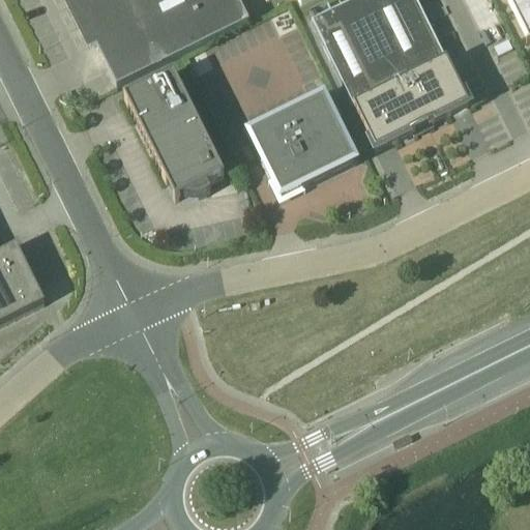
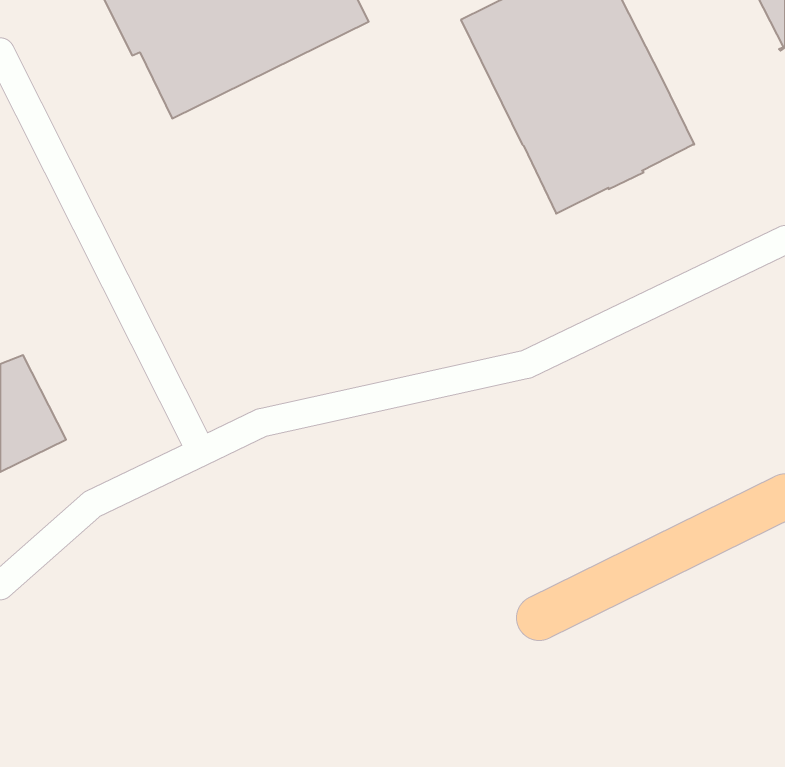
building: [123,65,224,189] -> none
building: [251,92,353,190] -> none

